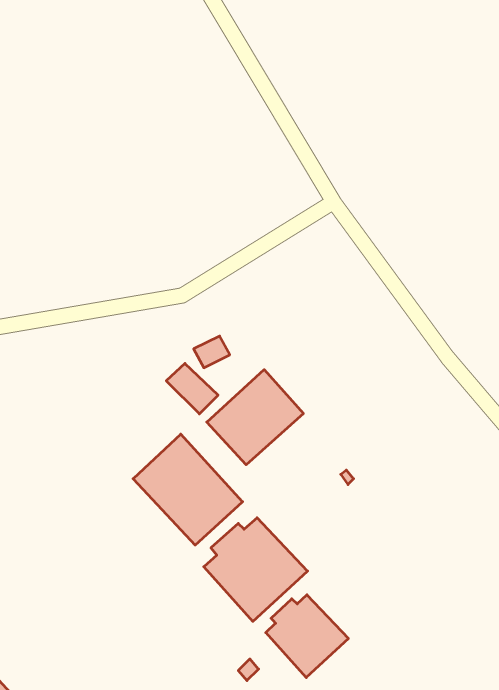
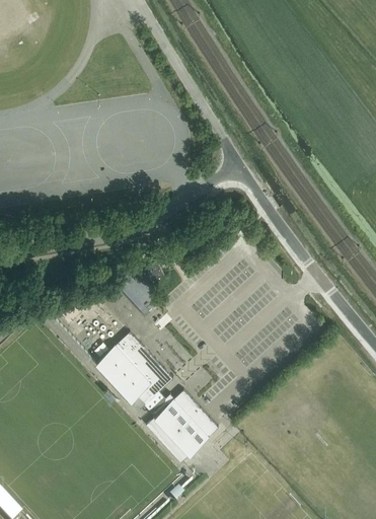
building: [207,370,303,465] -> none
building: [266,595,348,678] -> none

